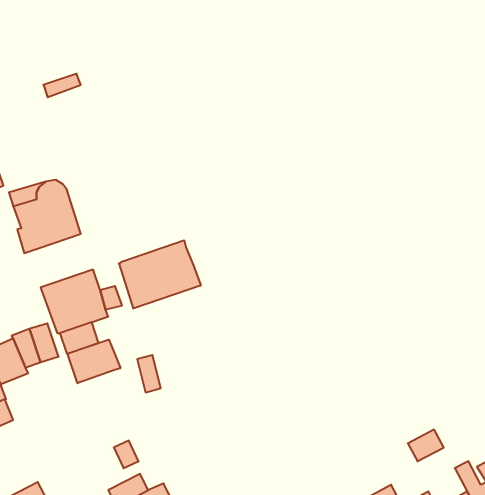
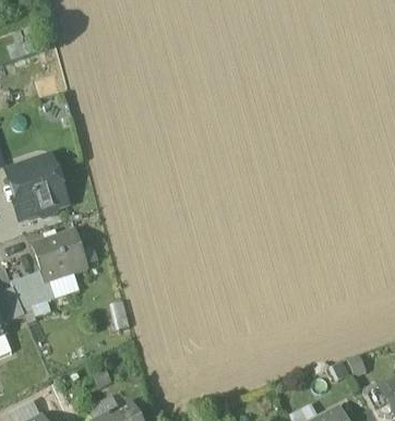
building: [119,240,201,309] -> none
building: [67,340,120,383] -> none

